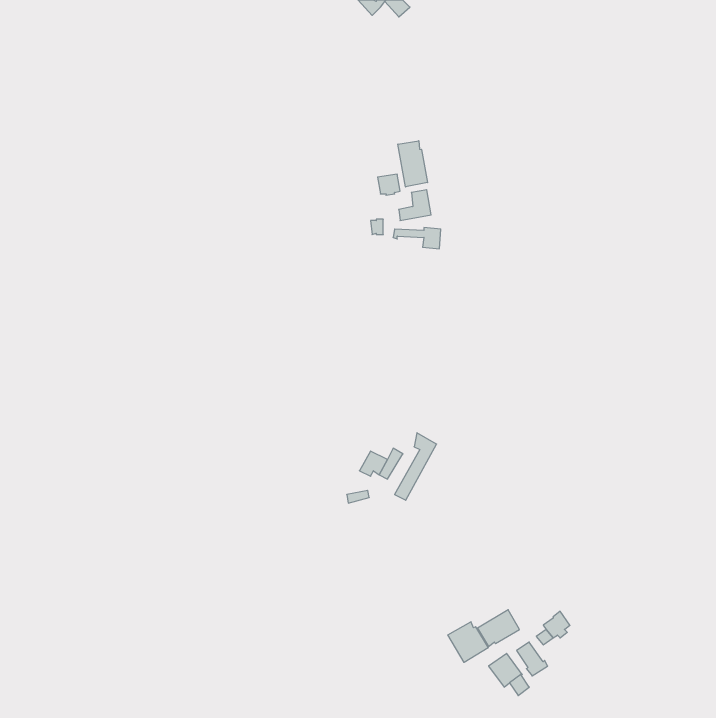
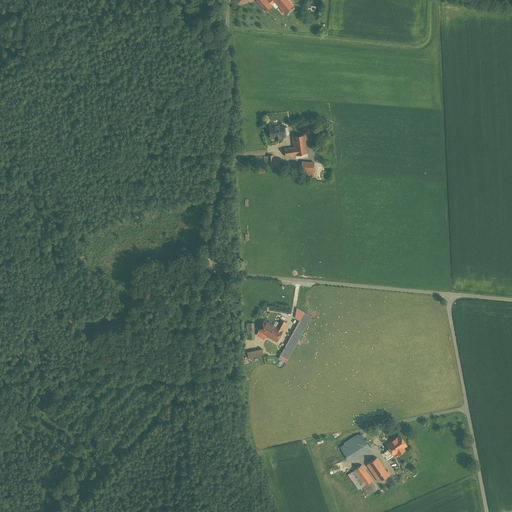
building: [398,141,428,187] -> none
building: [448,622,488,662] -> none

